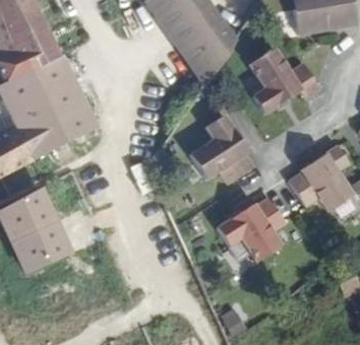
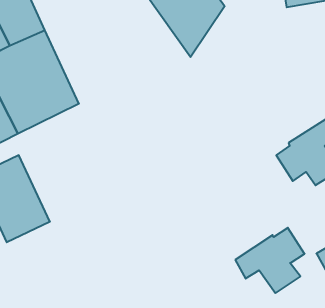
building: [250,50,310,117] -> none
building: [191,119,255,187] -> none
building: [219,199,287,263] -> [235,228,305,293]

